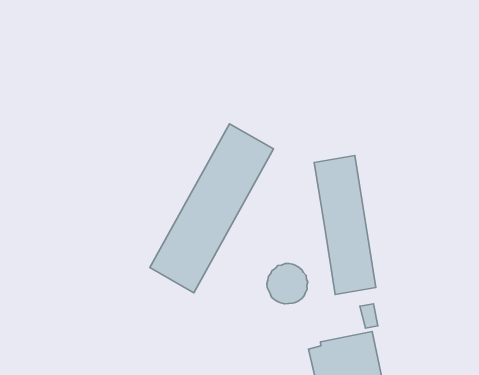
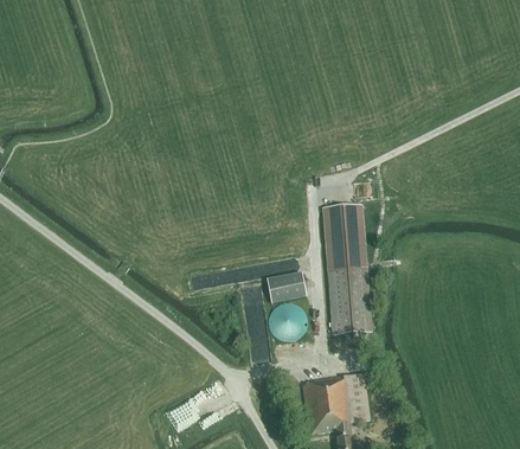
building: [150,124,273,293] -> none
building: none -> [267,274,306,303]

